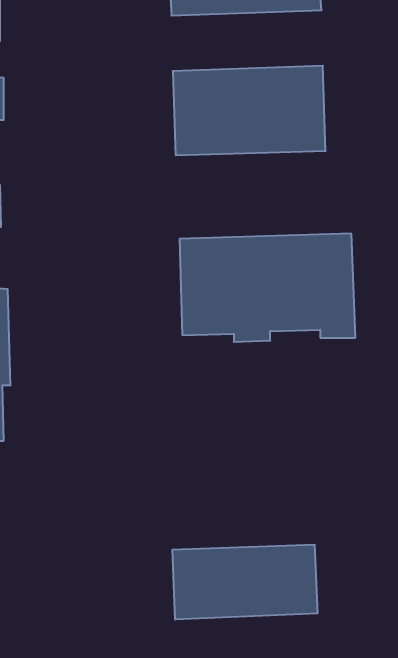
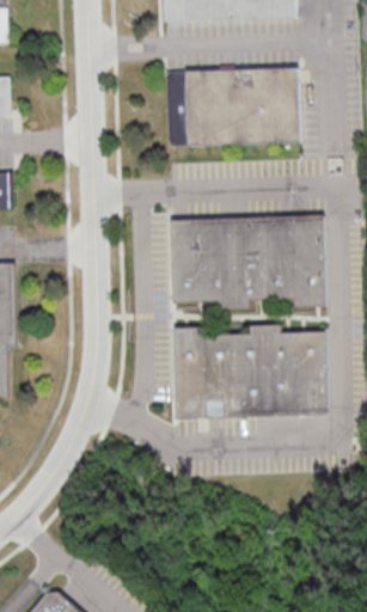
building: none -> [171,324,325,418]
building: [173,545,317,620] -> none

